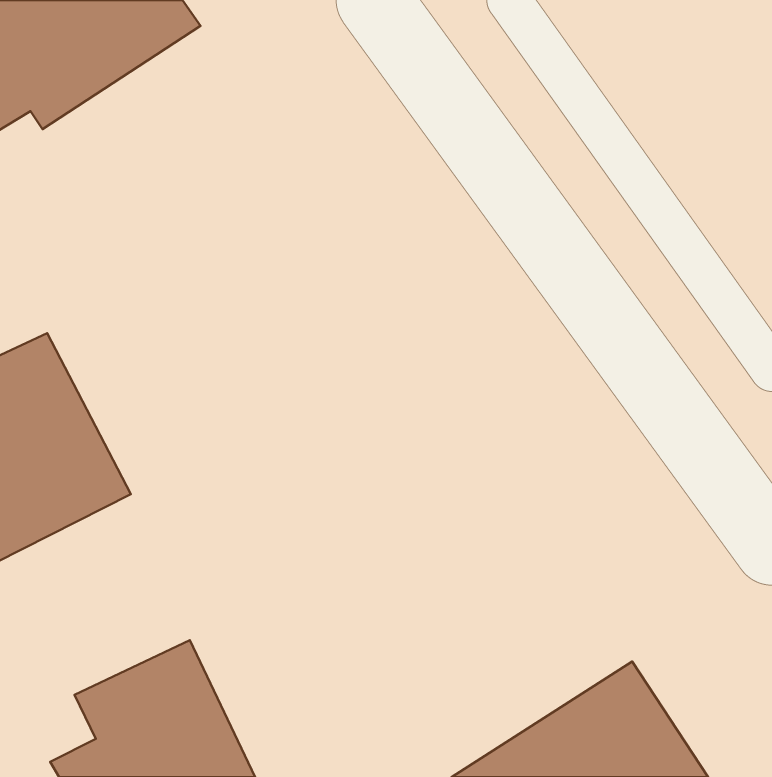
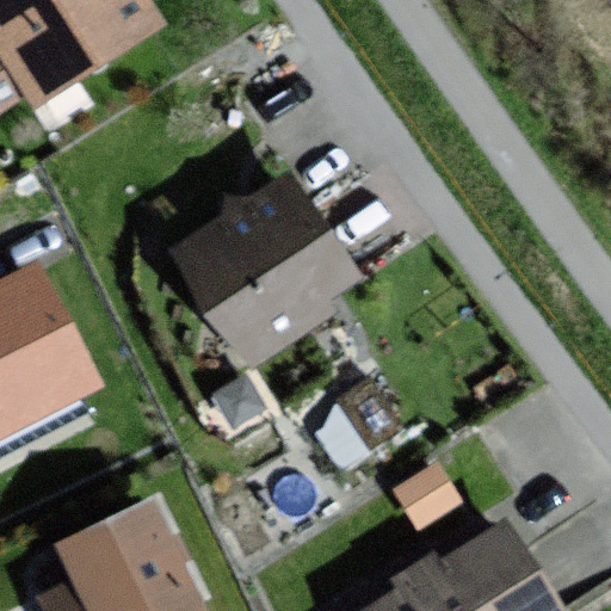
building: none -> [178,179,354,353]

